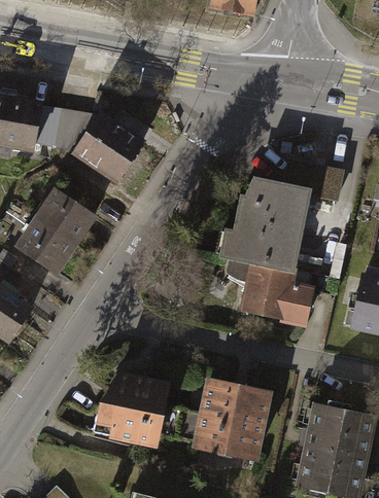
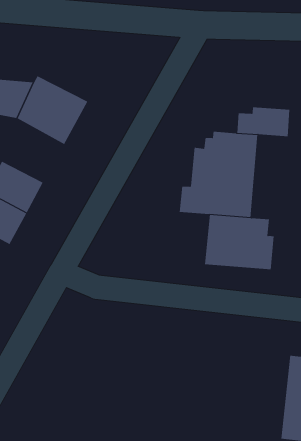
building: [99,368,173,454] -> none
building: [194,382,275,463] -> none

